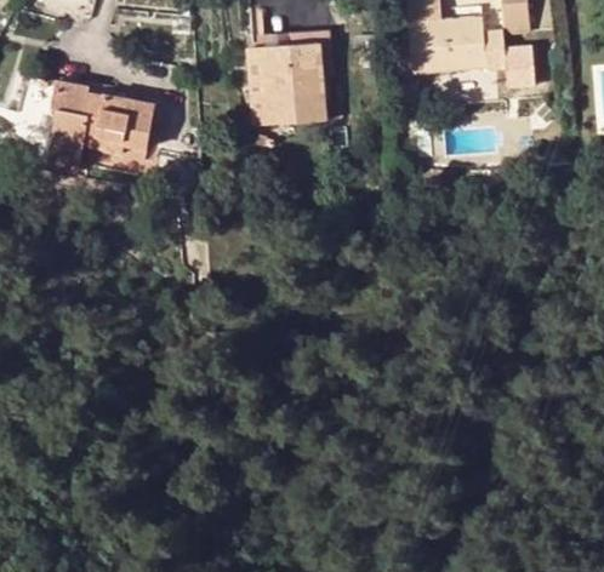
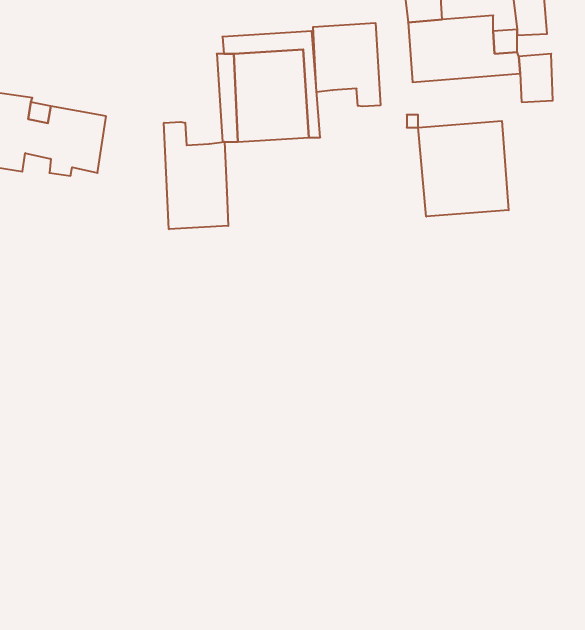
building: none -> [313,23,380,106]
building: none -> [418,121,509,217]
building: none -> [164,122,228,229]

